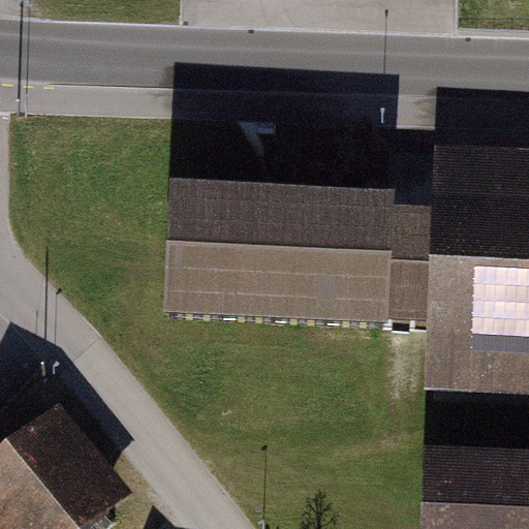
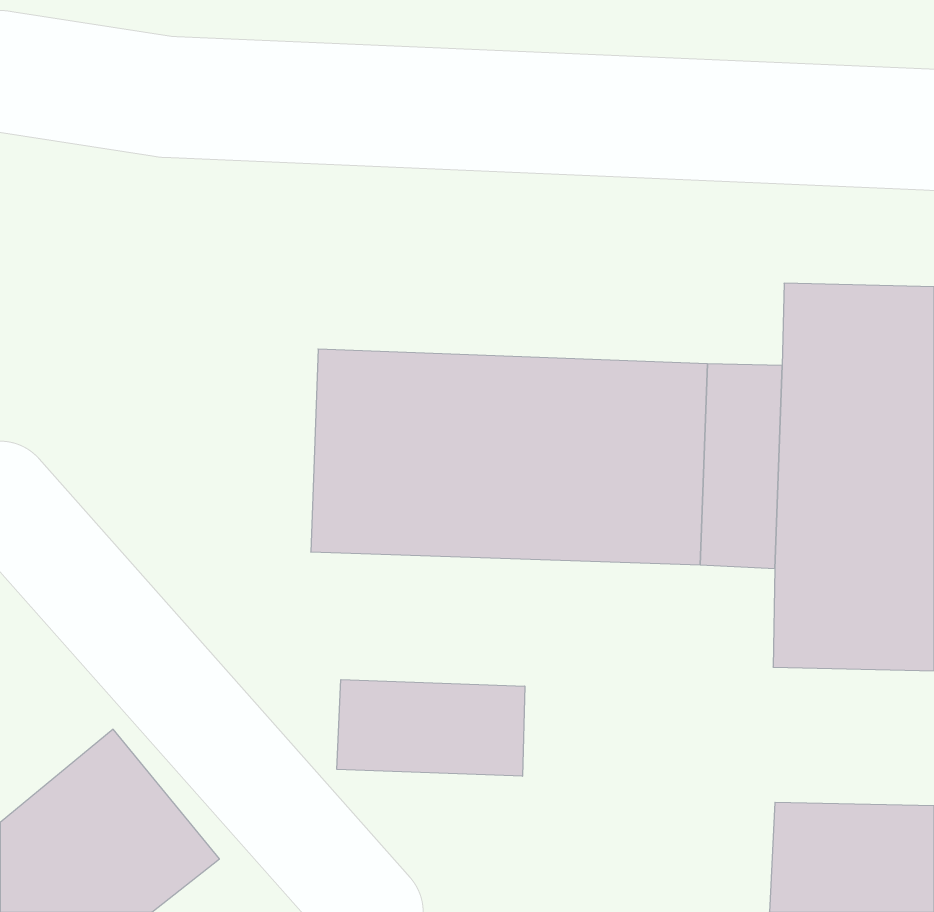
building: none -> [337,680,525,776]

